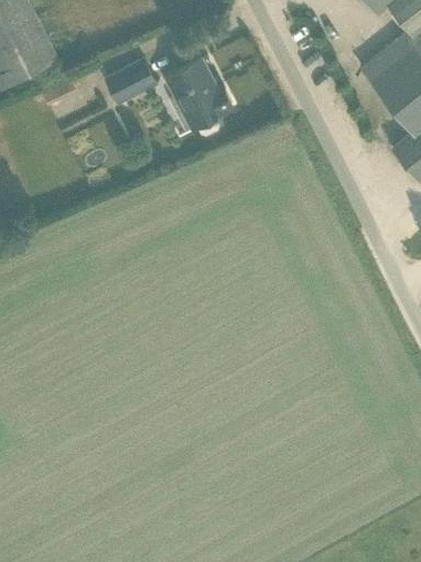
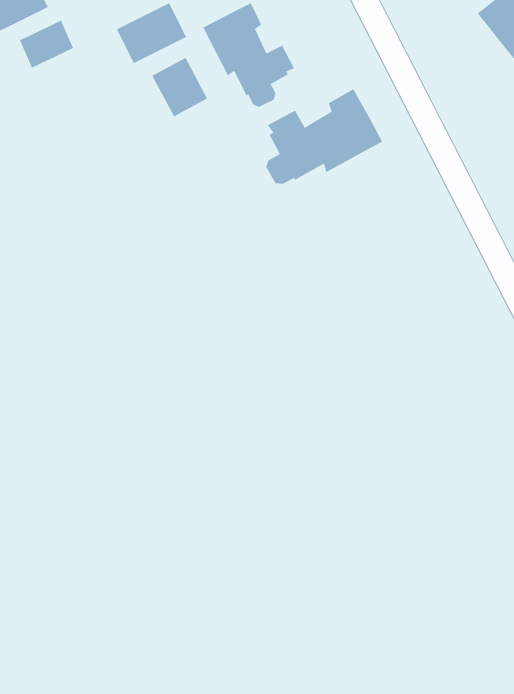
building: none -> [152,57,208,117]
building: none -> [266,89,383,185]

